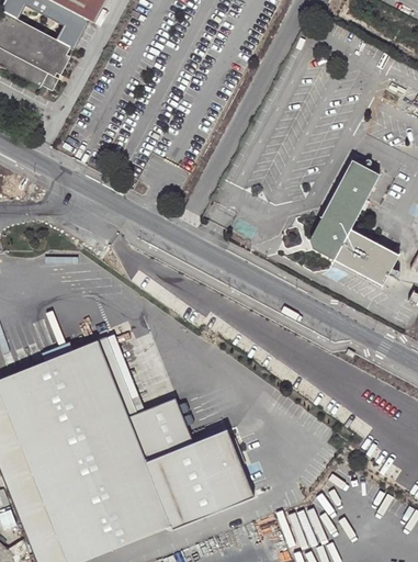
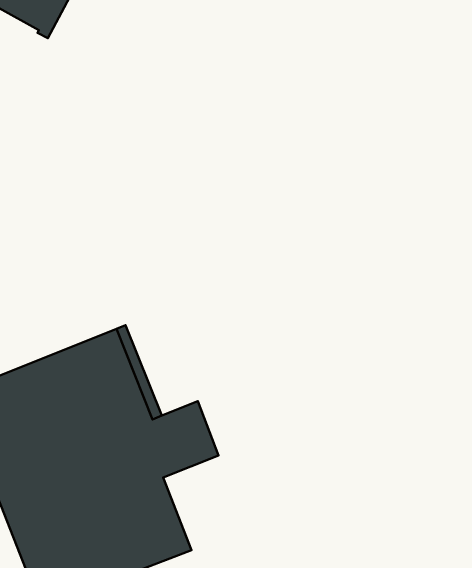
building: [309,160,397,284] -> none
building: [146,430,252,529] -> none

